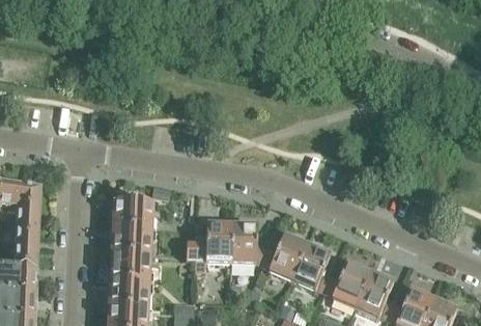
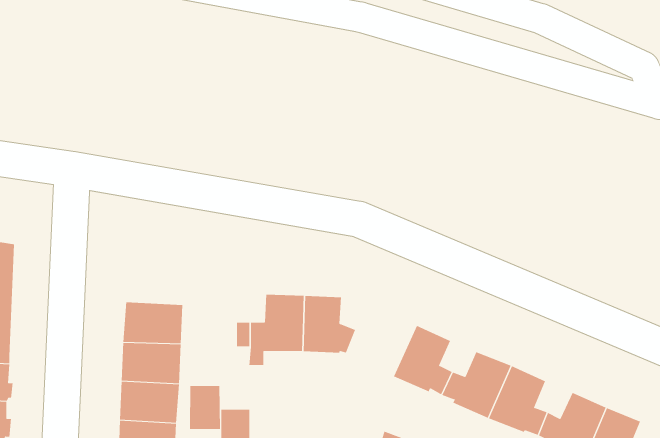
building: [113,201,152,230] -> none
building: [260,235,307,278] -> none
building: none -> [189,385,220,430]

